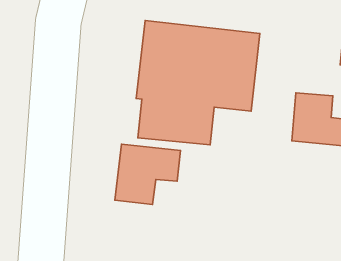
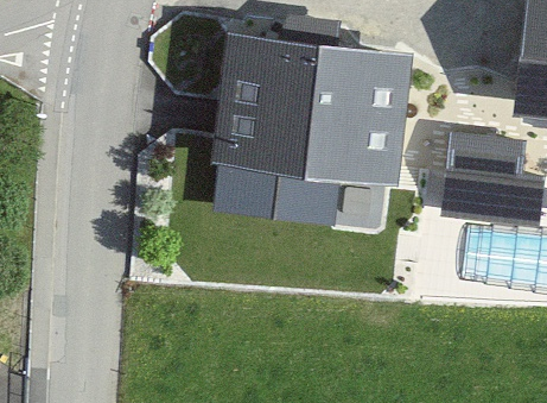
building: [115,144,181,204] -> none

